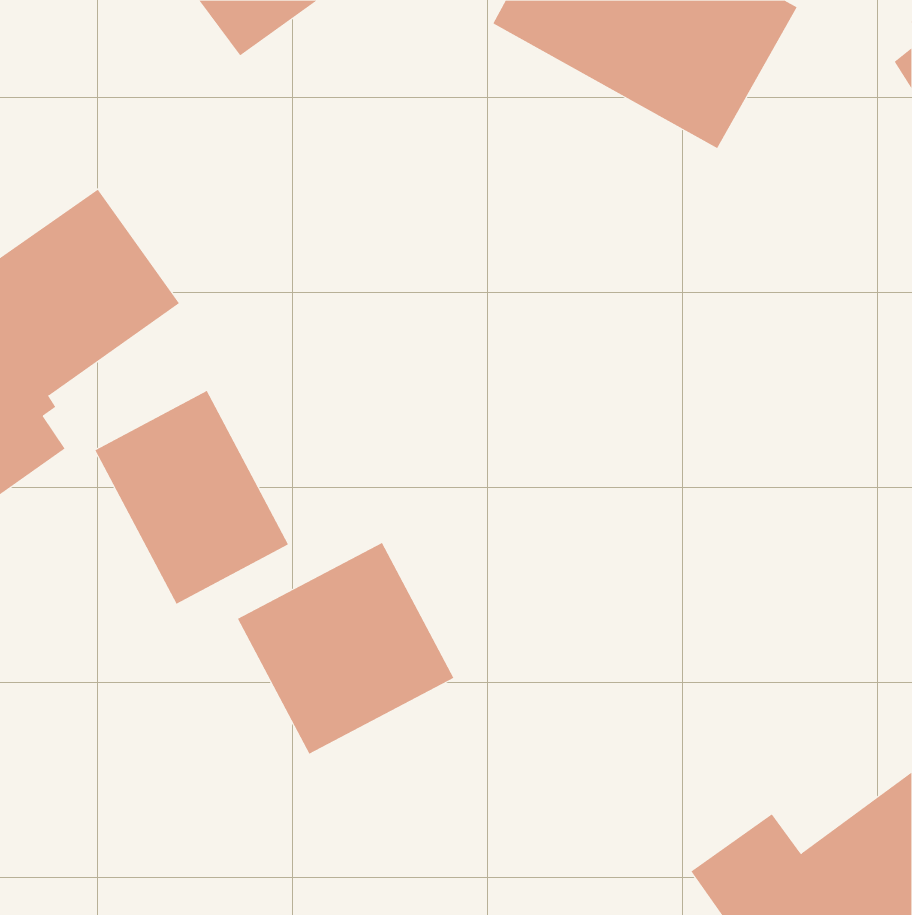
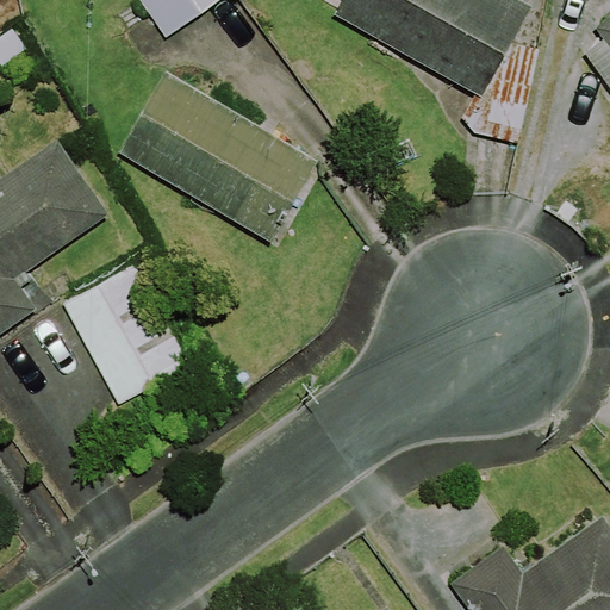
building: none -> [122,69,322,237]
building: [237,542,454,754] -> none

